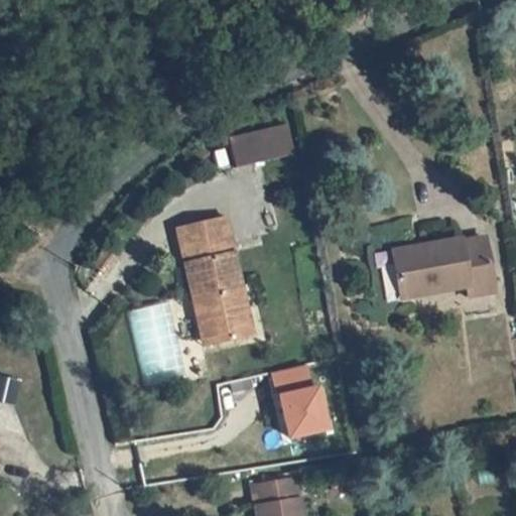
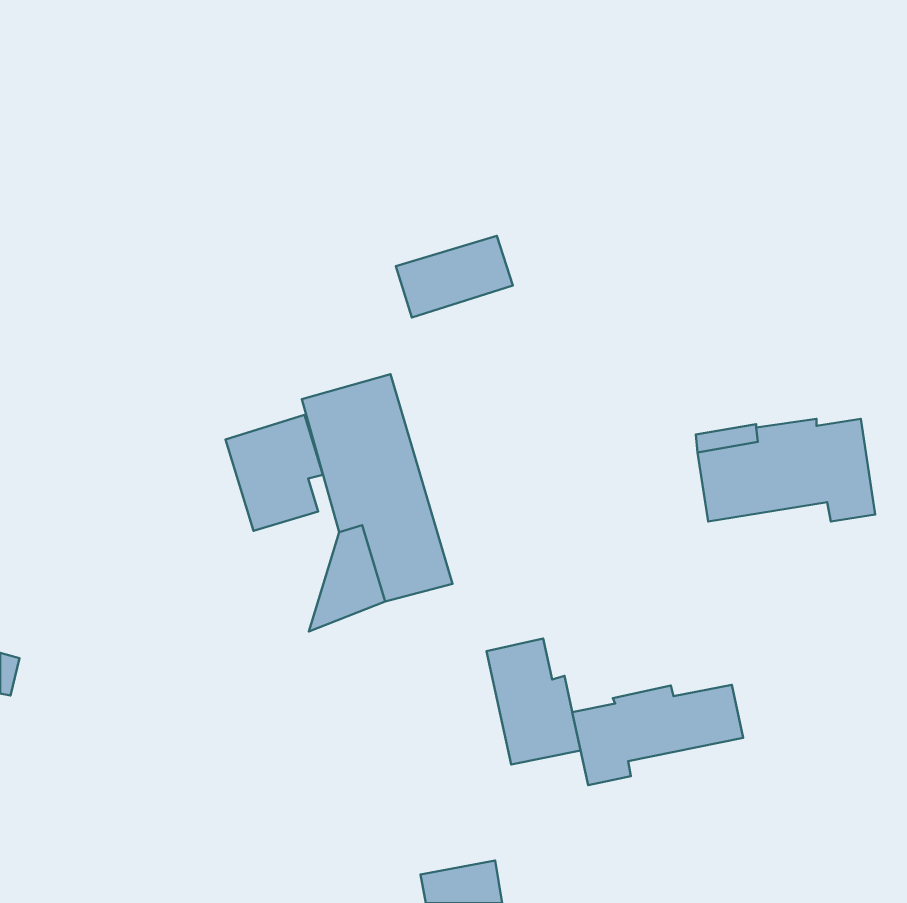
building: none -> [226,415,323,531]
building: none -> [572,685,743,785]

